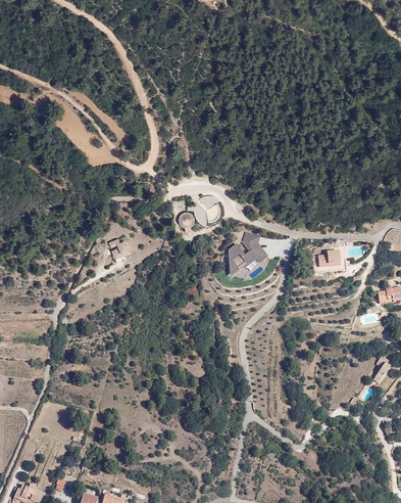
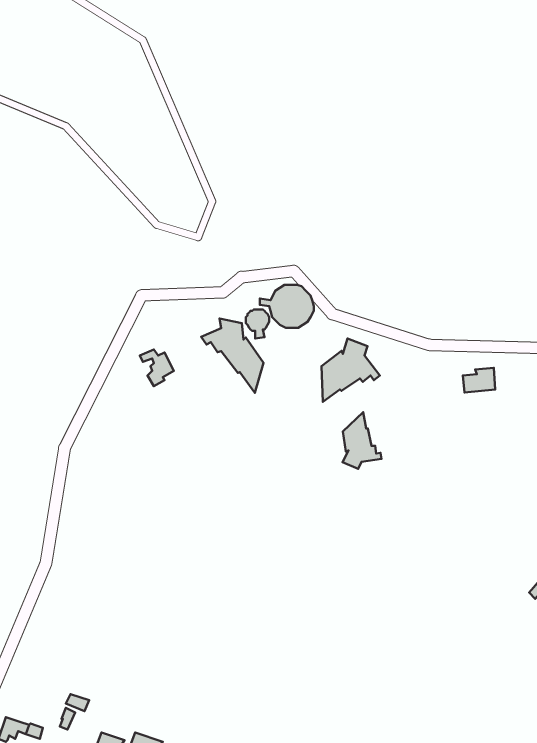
building: none -> [201,318,263,393]
building: none -> [342,412,381,469]

